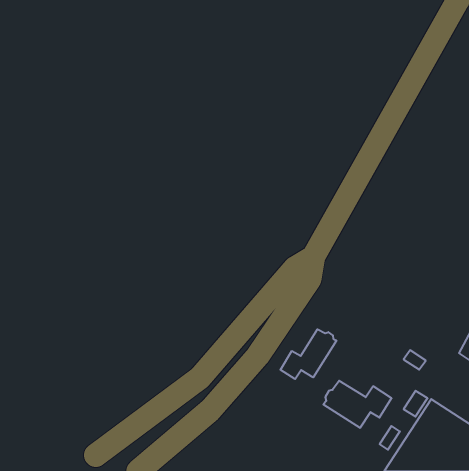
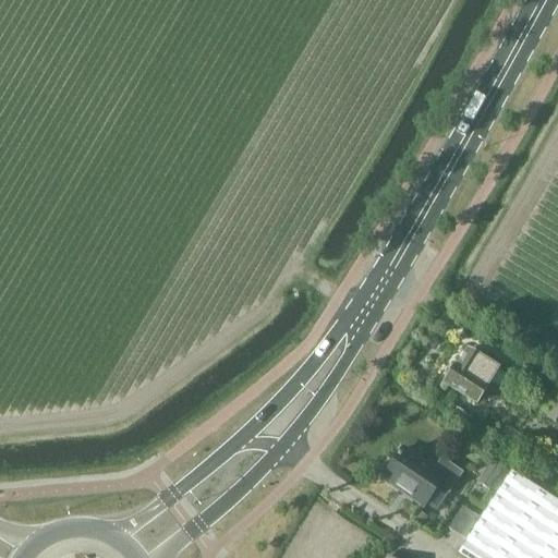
building: none -> [446,351,510,403]
building: [280,329,336,379] -> none

